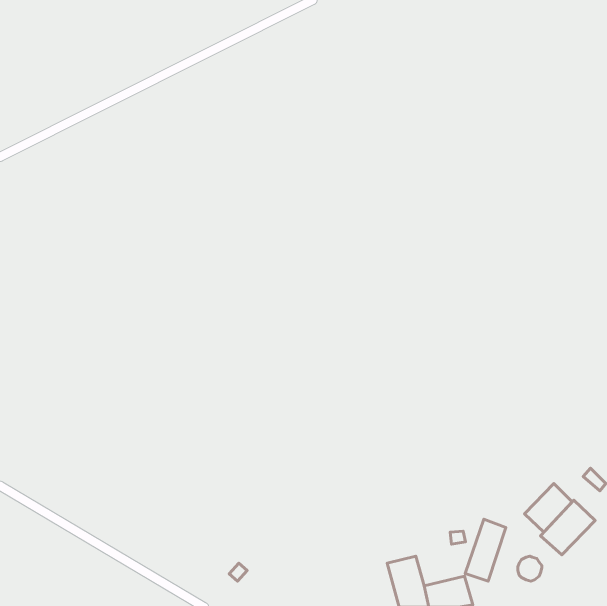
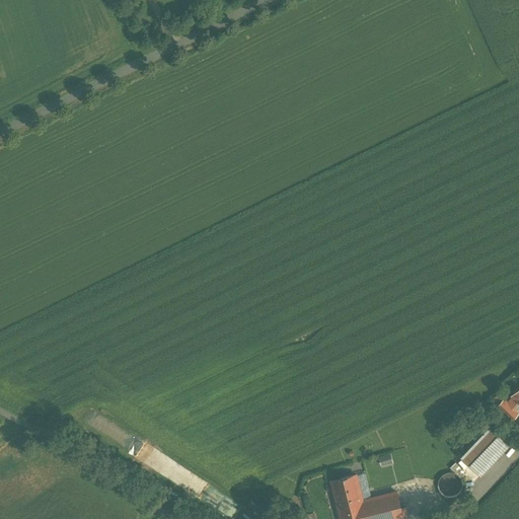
building: [524,483,572,532] -> none
building: [465,519,506,581] -> none

